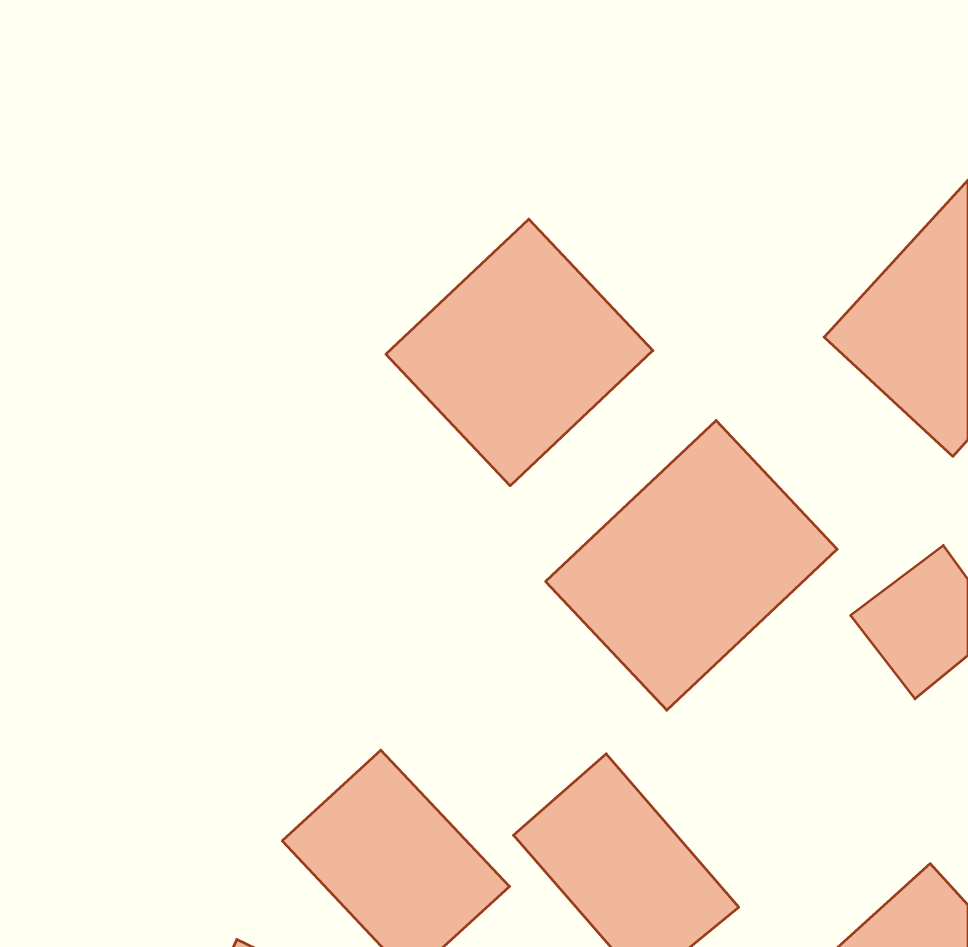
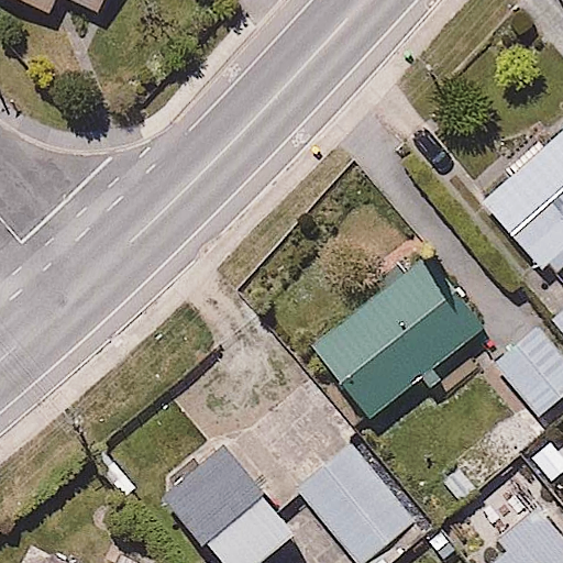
building: [386,219,653,486] -> none

